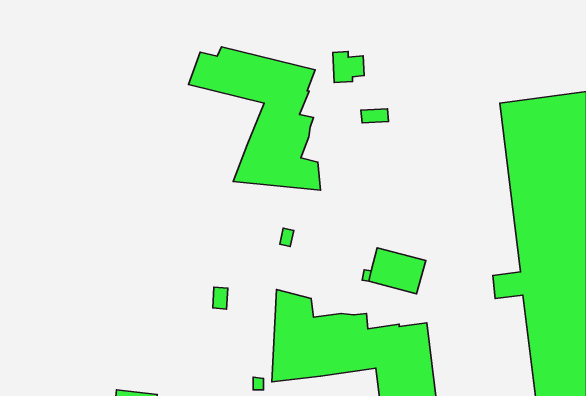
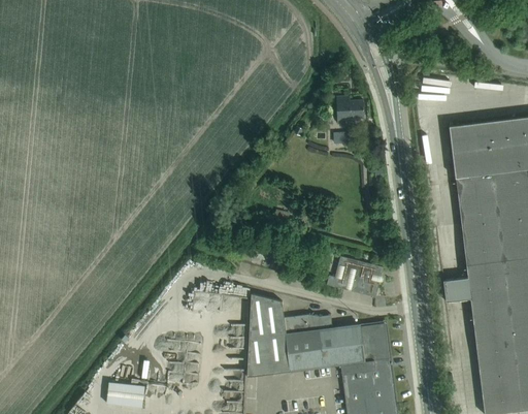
building: [188,47,320,190] -> none
building: [333,51,364,83] -> [336,96,364,124]

